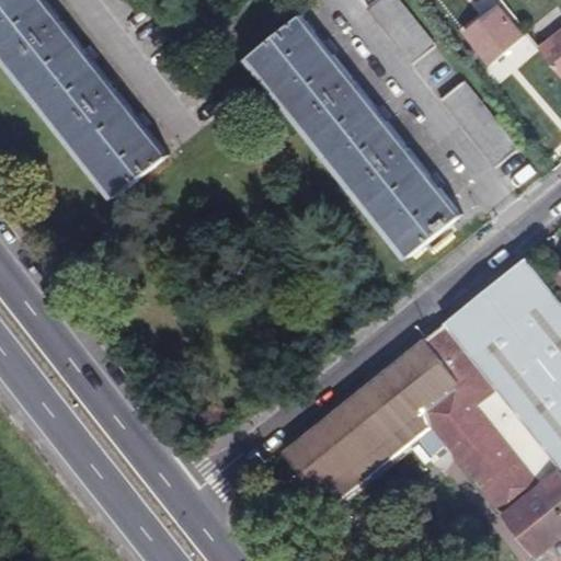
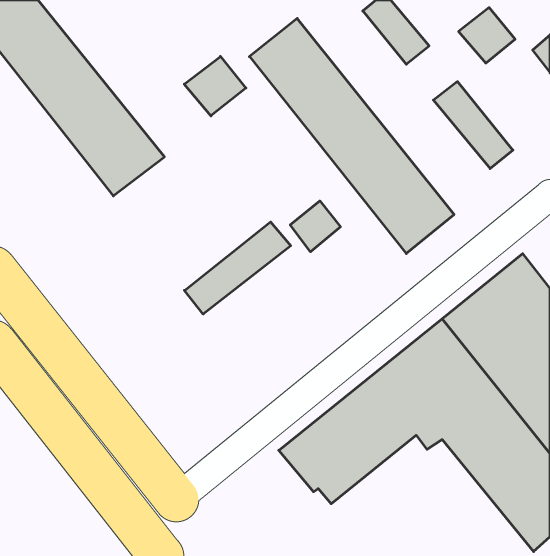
building: none -> [184,56,246,116]
building: none -> [290,201,340,252]
building: none -> [184,222,291,314]

